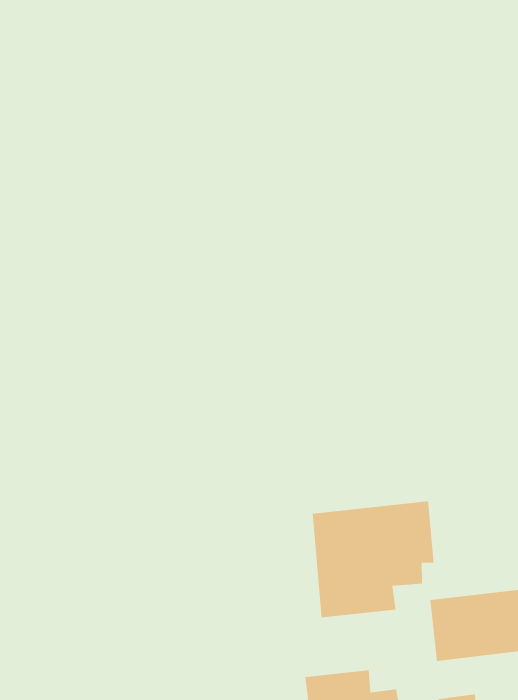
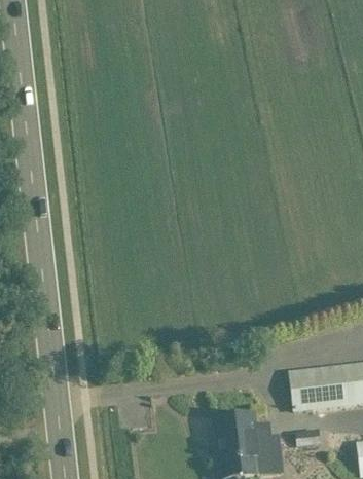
building: [312,501,434,618] -> none

